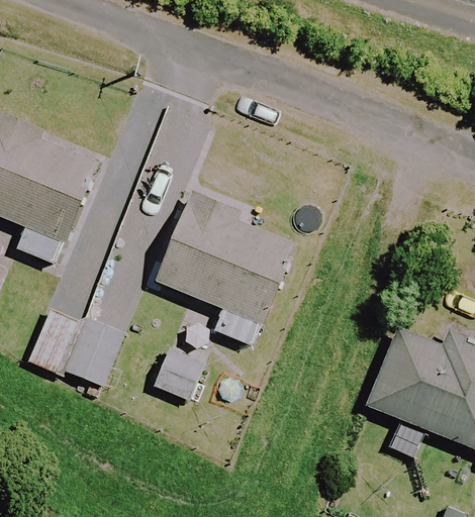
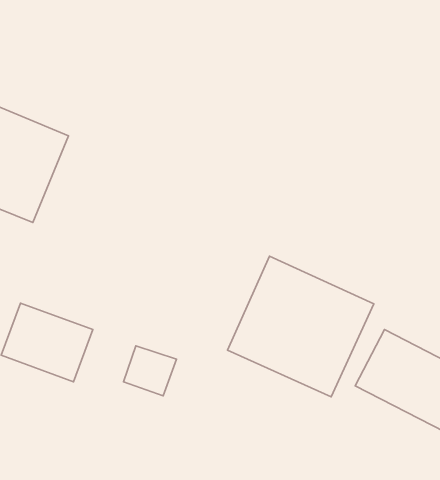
building: [155,201,298,316] -> none
building: none -> [227,256,374,397]

